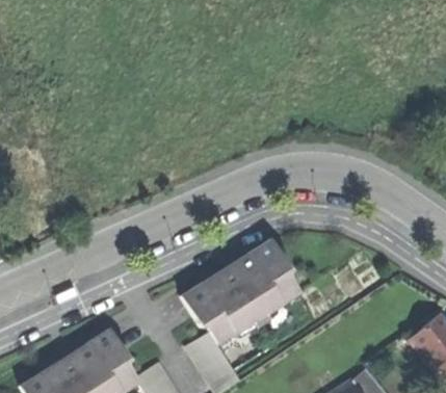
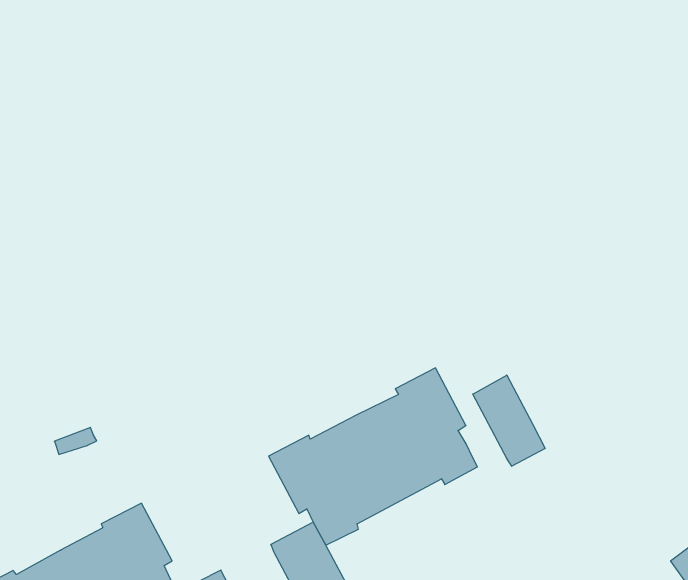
building: none -> [473,375,545,466]

